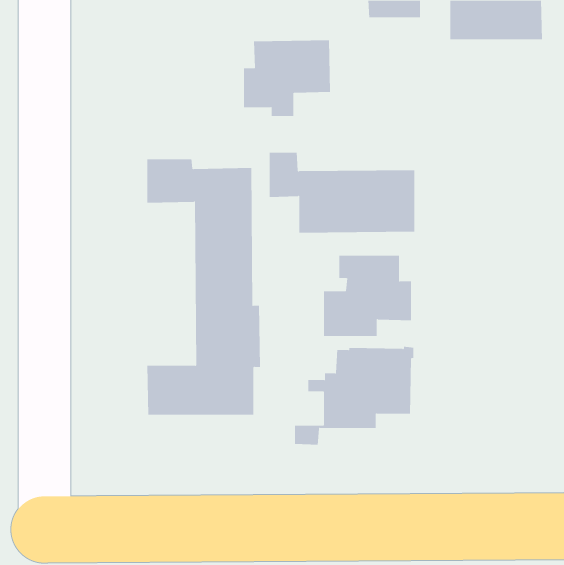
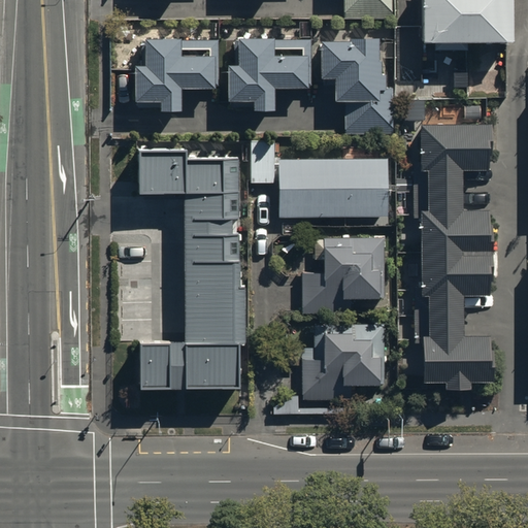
building: none -> [136,39,220,112]
building: none -> [322,39,394,136]
building: none -> [414,123,489,388]

